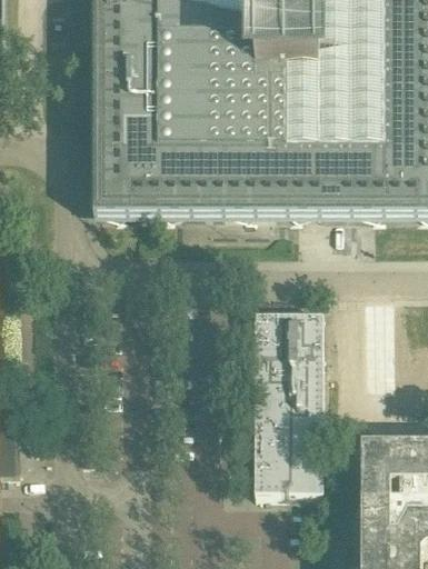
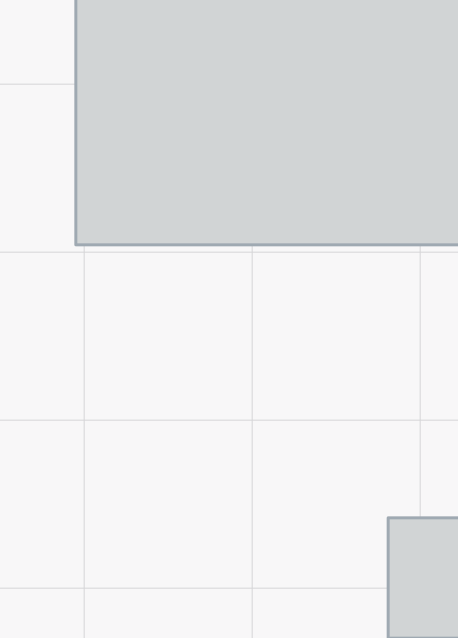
building: [256,308,325,489] -> none

